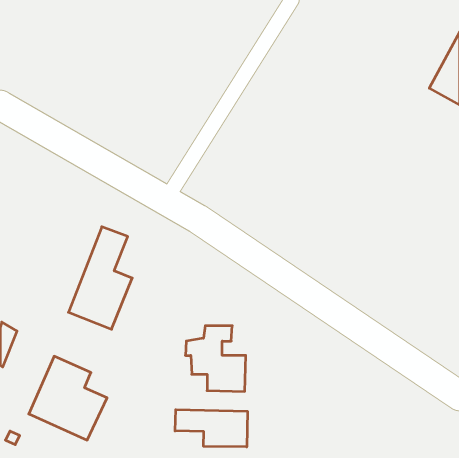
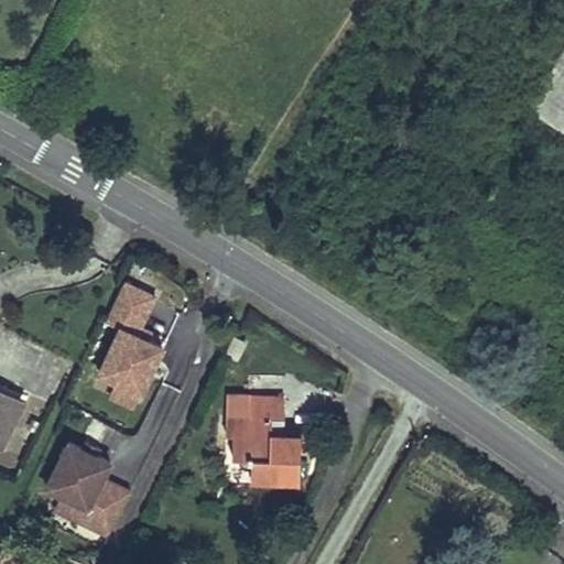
building: [175,410,247,447] -> none

